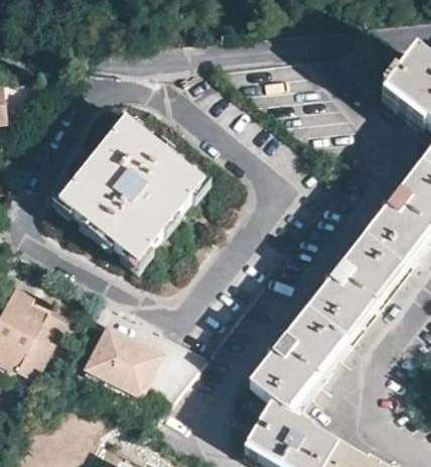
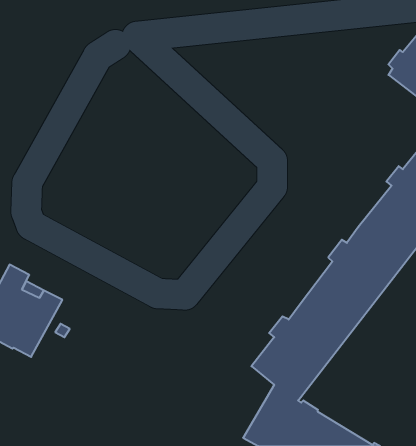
building: [58,118,201,261] -> none
building: [85,322,160,391] -> none

